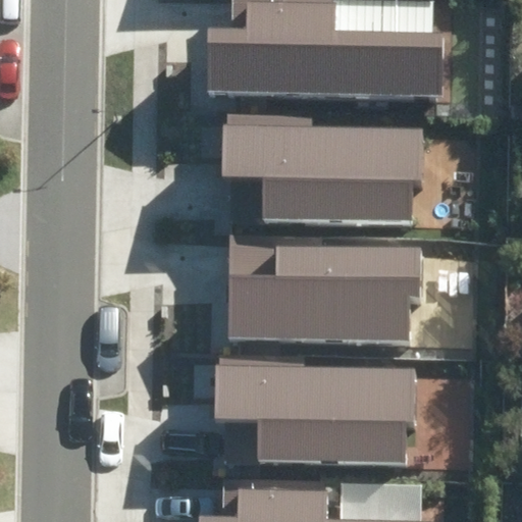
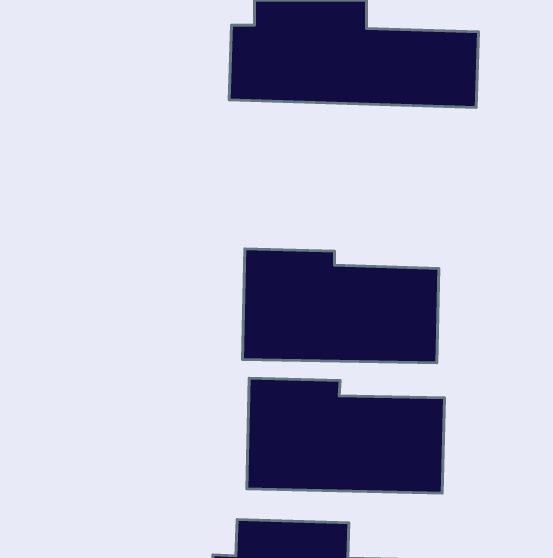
building: [229,113,412,219] -> none

